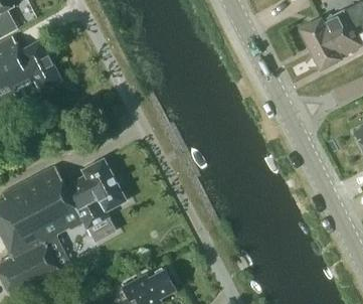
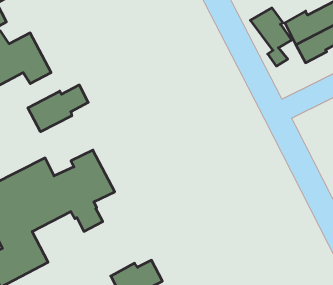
building: none -> [250,8,291,66]
building: none -> [28,85,88,132]

